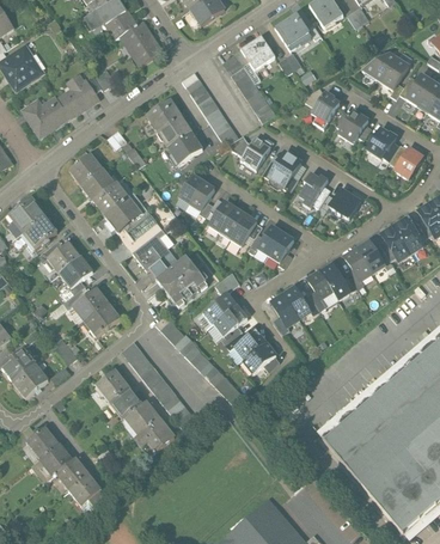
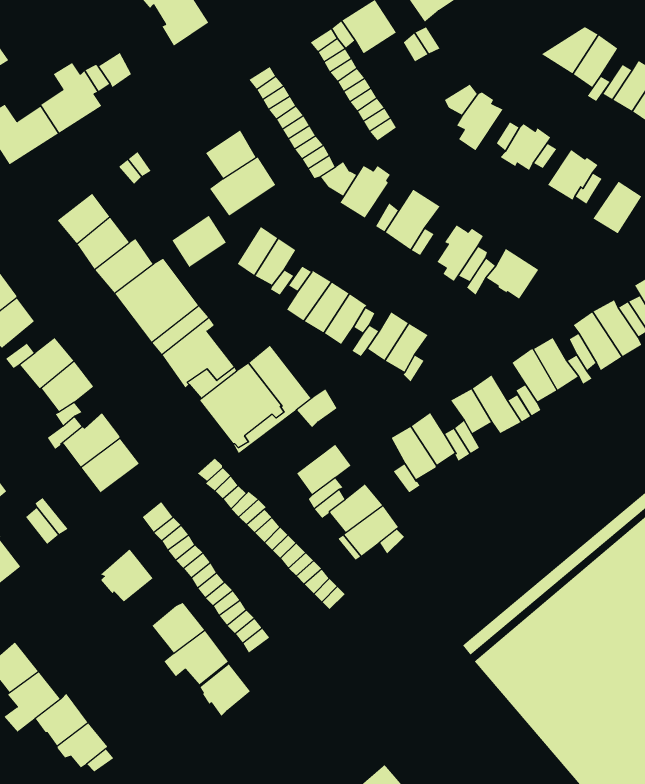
building: [147,98,181,130] -> [172,215,227,268]
building: [202,292,238,324] -> none
building: [110,386,141,418] -> [199,663,251,717]

